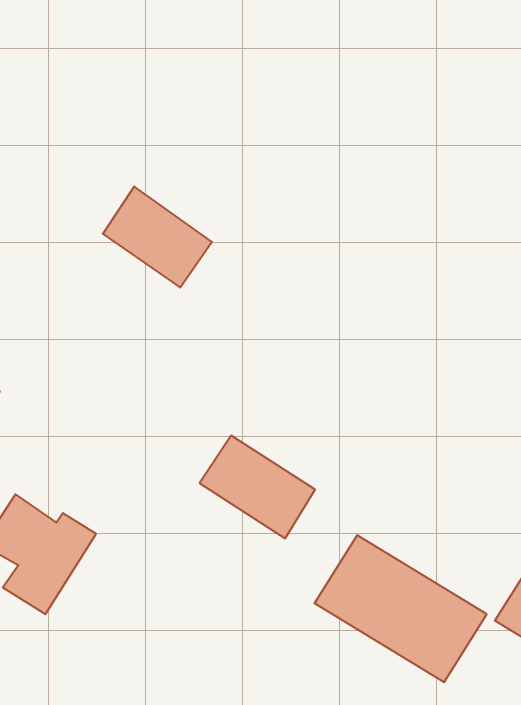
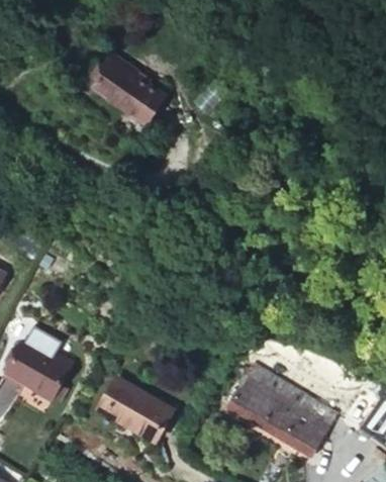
building: [103,186,212,288] -> [95,43,165,108]
building: [200,436,315,538] -> [98,376,172,442]

